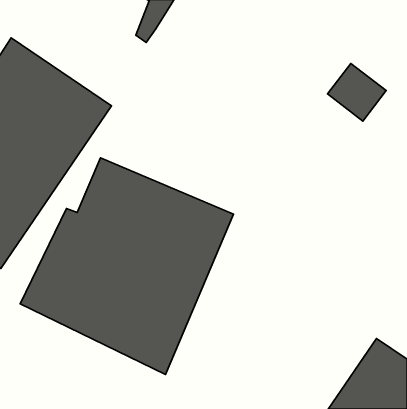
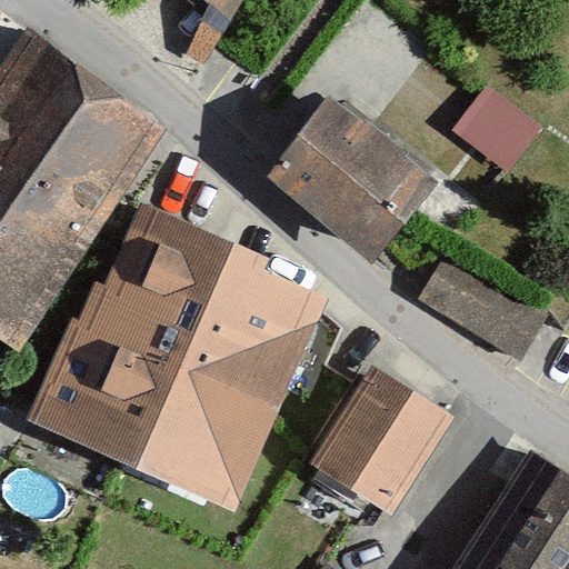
building: none -> [272,100,430,254]
building: none -> [419,252,541,352]
building: none -> [311,367,450,512]

